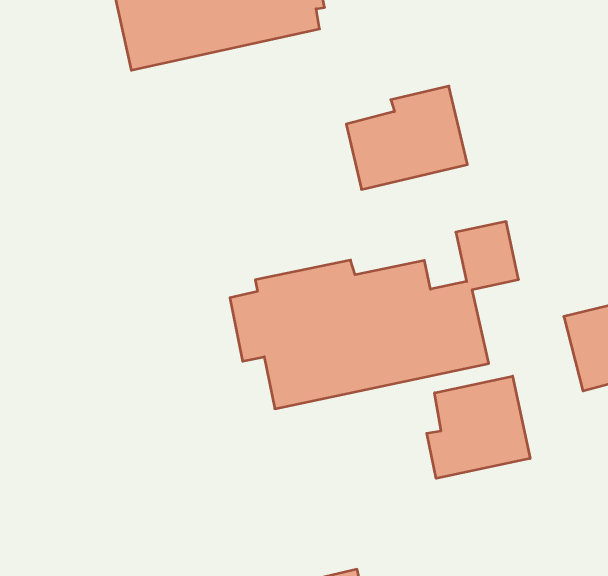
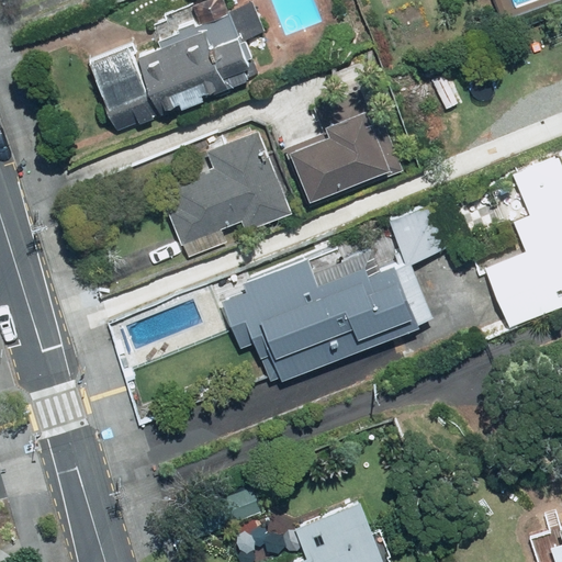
building: none -> [169,130,292,245]
building: [427,376,530,478] -> none

